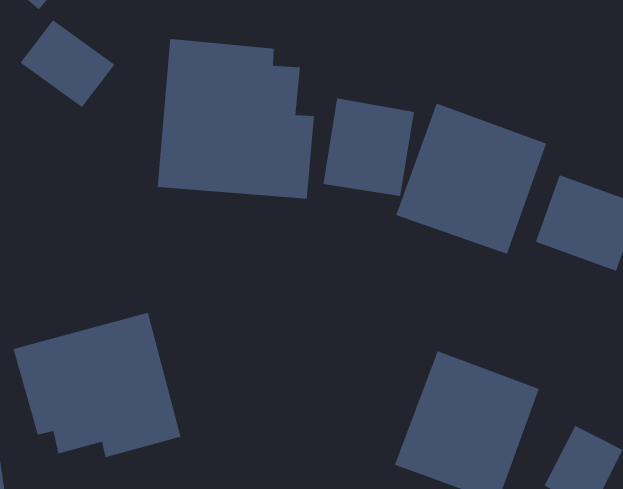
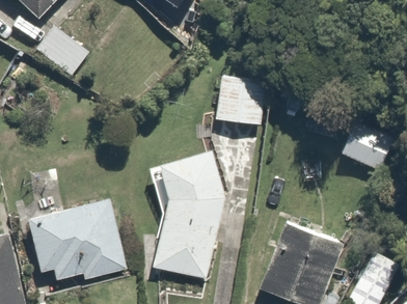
building: [157,38,315,200] -> none
building: [395,102,547,255] -> none
building: none -> [153,153,223,281]

